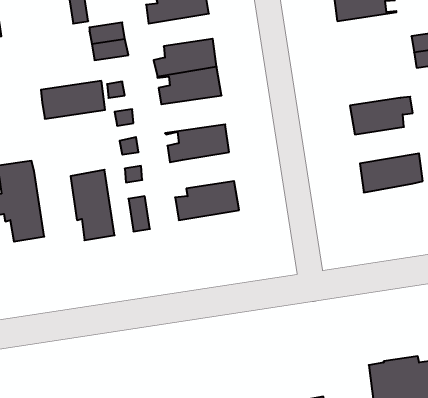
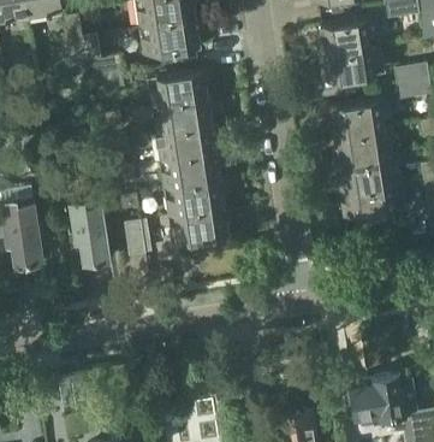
building: none -> [323,48,384,84]
building: none -> [332,101,393,137]
building: [41,81,105,119] -> [155,128,216,164]
building: none -> [340,155,399,193]
building: none -> [165,182,225,219]

